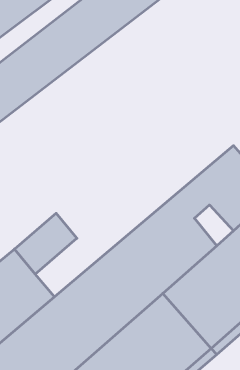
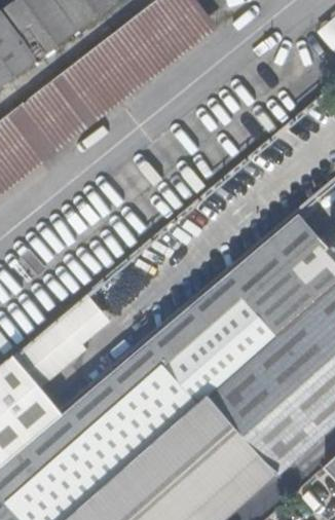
building: none -> [250,288,298,338]

